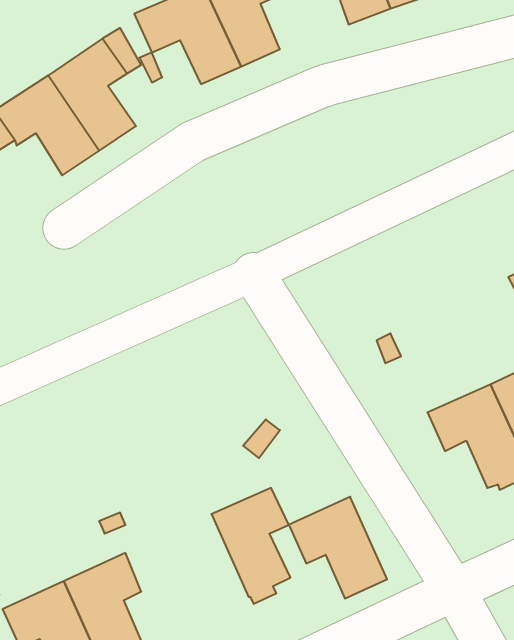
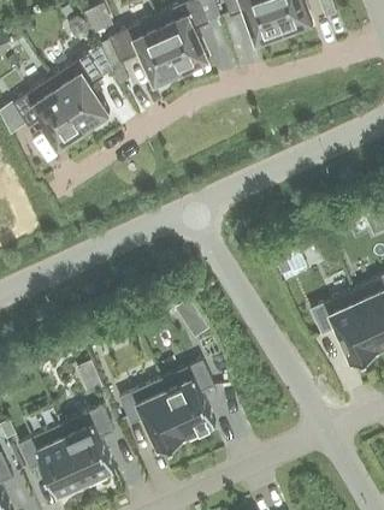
building: [289,497,387,599] -> [119,379,187,449]

